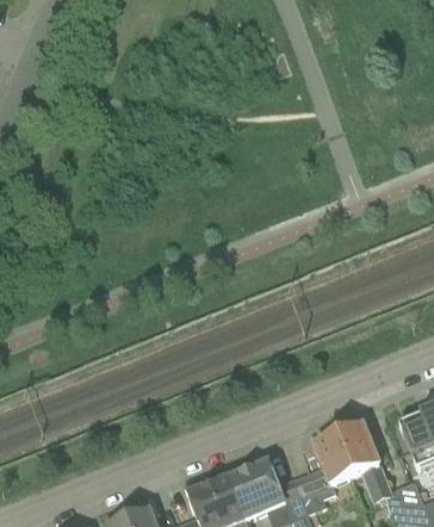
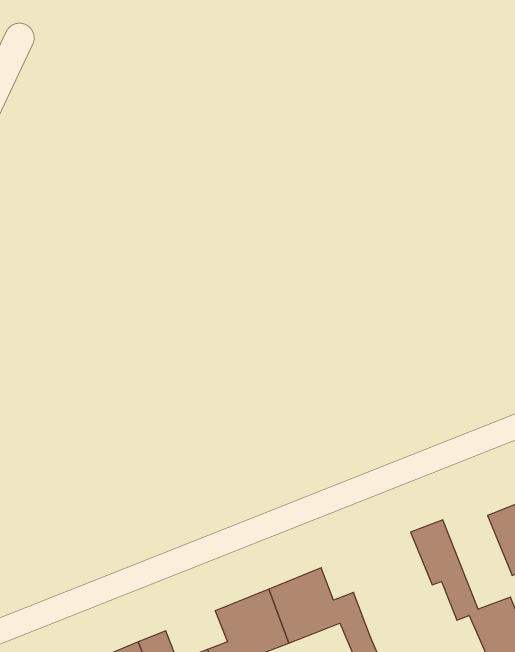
building: [294,432,355,513] -> none

